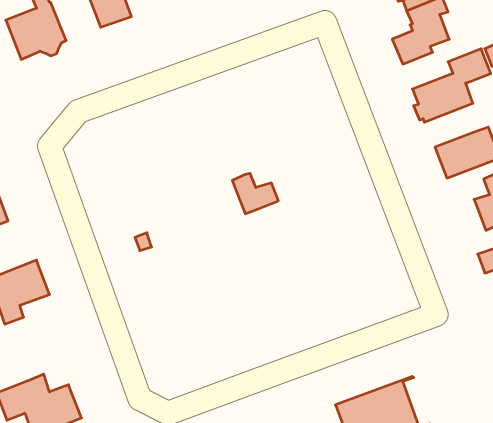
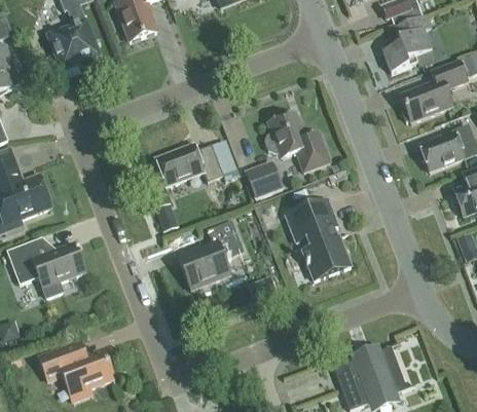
building: none -> [264,111,330,170]
building: none -> [155,142,223,185]
building: none -> [286,197,351,282]
building: none -> [178,219,244,288]

